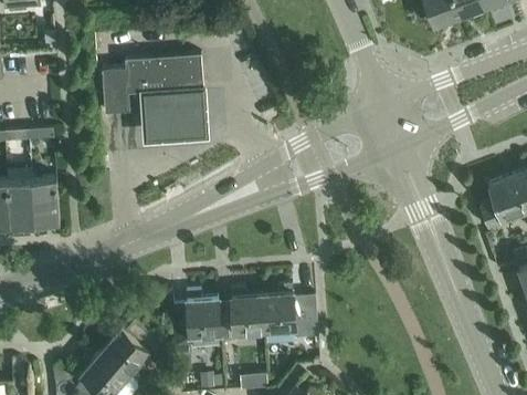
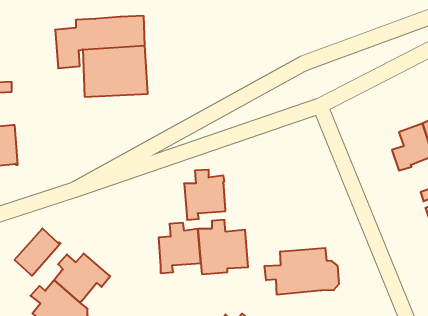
building: [173,290,220,346] -> [184,170,225,220]
building: none -> [15,228,61,276]
building: none -> [265,248,339,295]

